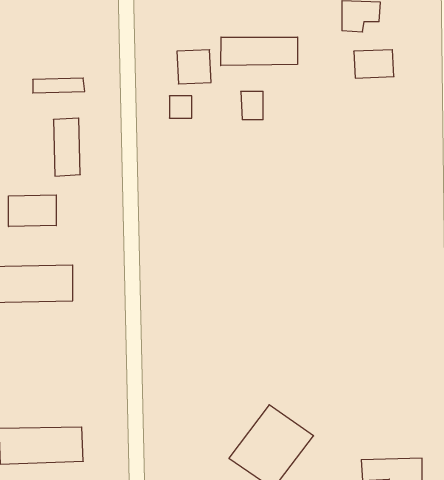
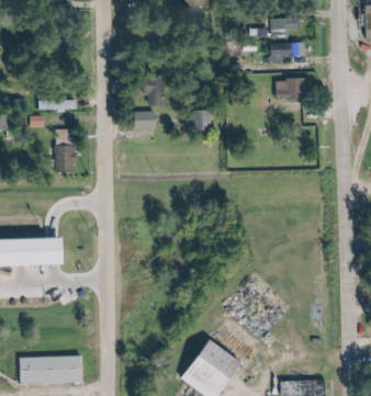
building: [221,37,298,66] -> none
building: [9,195,56,227] -> none

